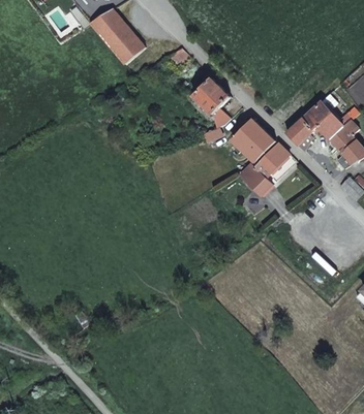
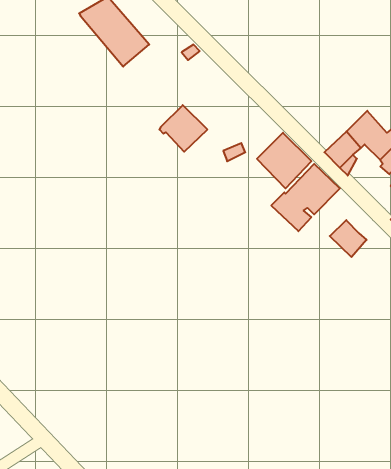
building: [192,77,231,115] -> [159,105,207,152]
building: none -> [330,220,367,257]

